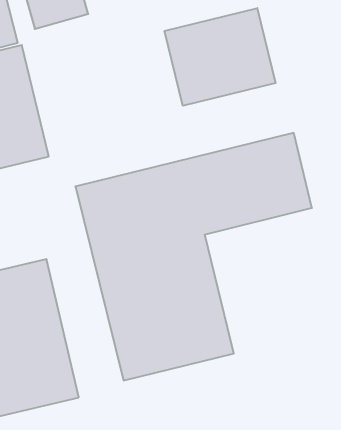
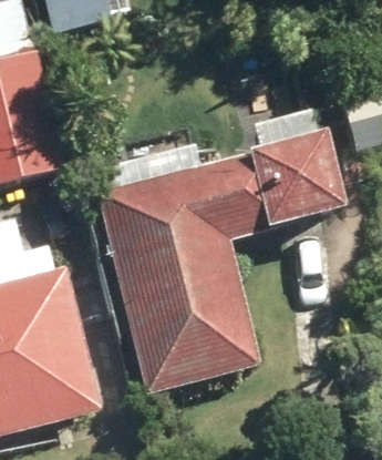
building: [165,8,276,106] -> none

